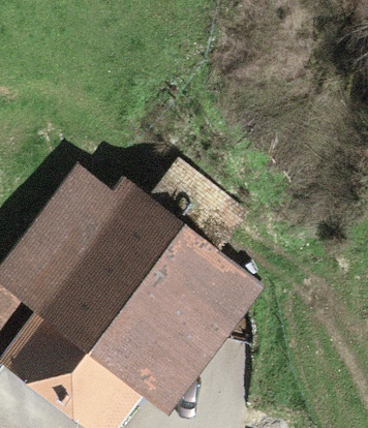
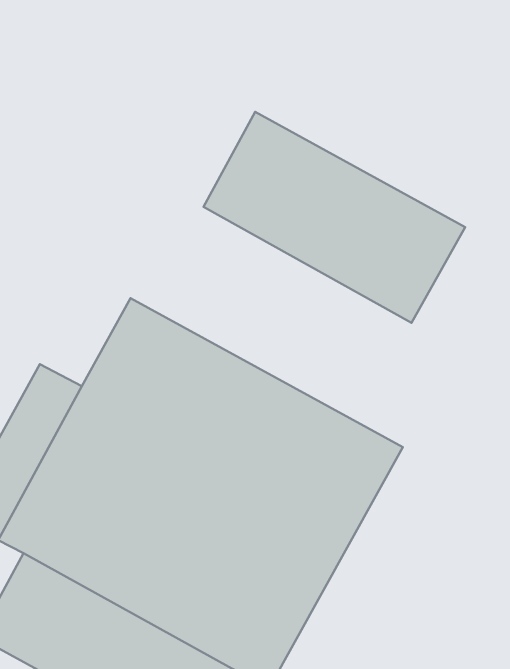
building: none -> [203,112,465,323]

